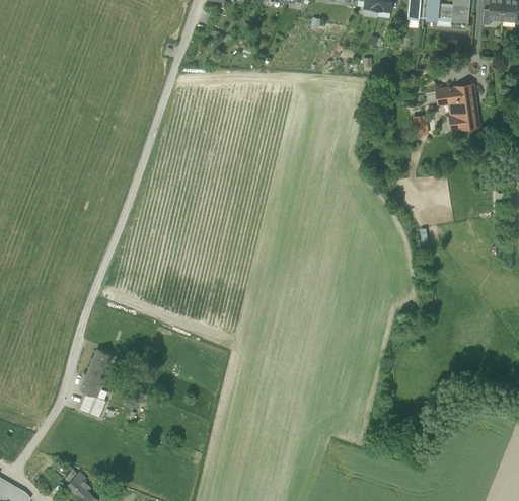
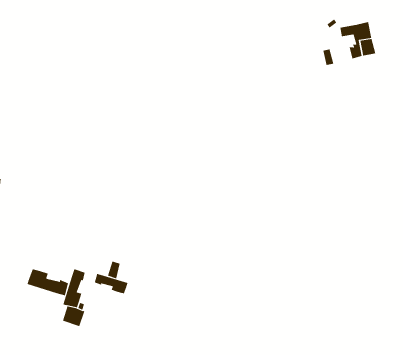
building: none -> [27,268,68,296]
building: none -> [94,273,128,294]

